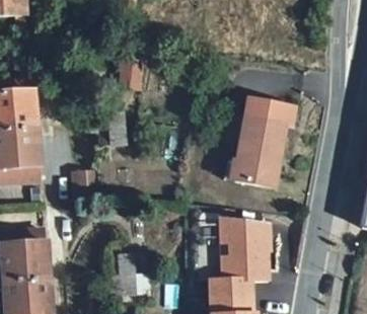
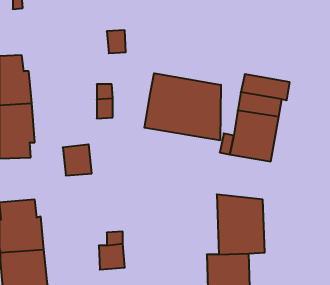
building: none -> [144,73,221,140]

